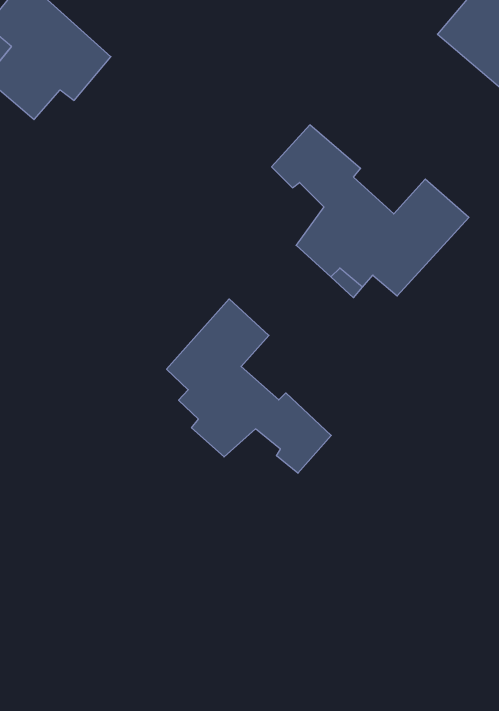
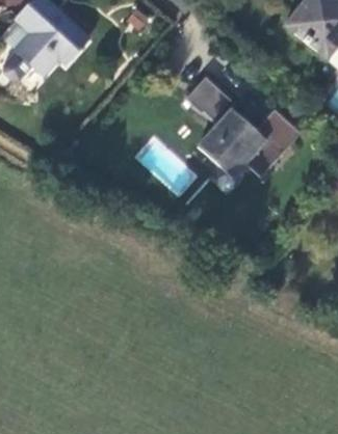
building: [167,299,331,473] -> none

